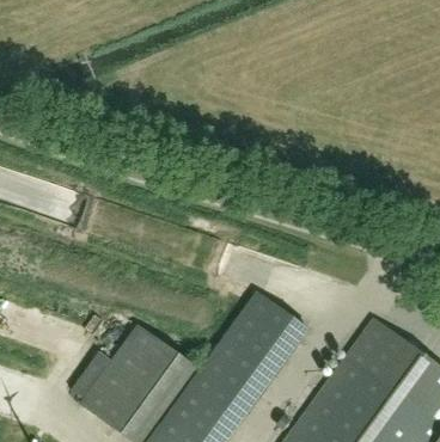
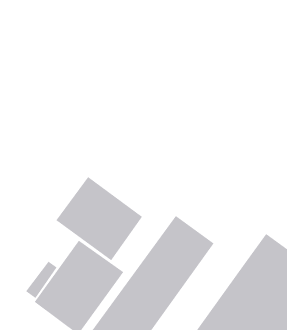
building: none -> [55,176,143,261]

